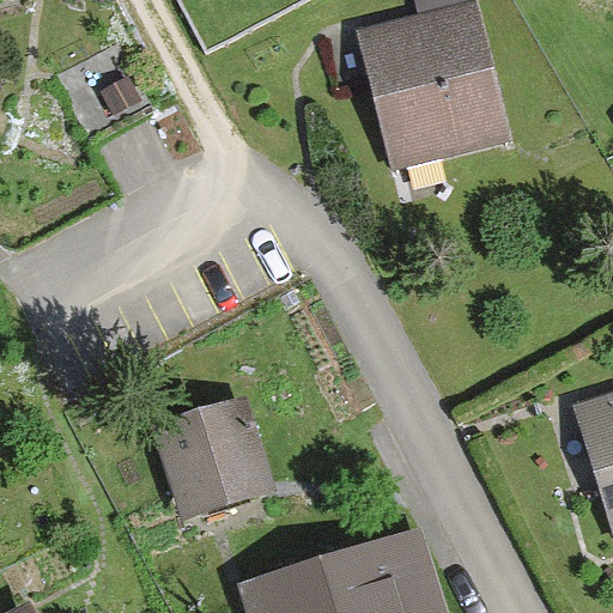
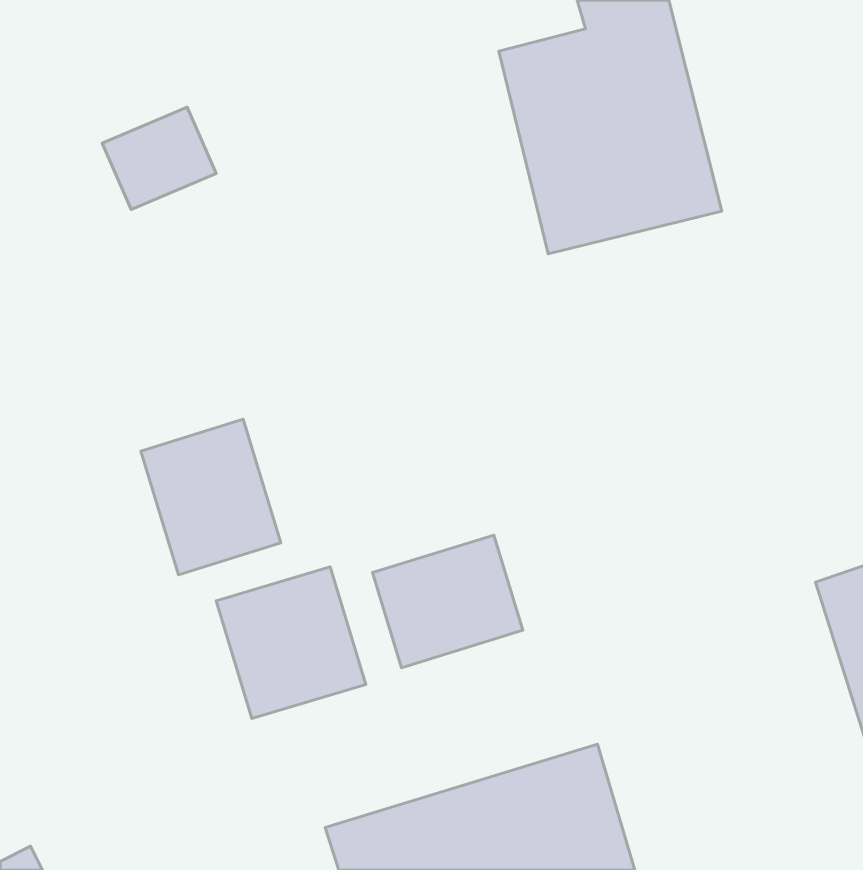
building: none -> [141,419,281,575]
building: none -> [372,535,523,668]

